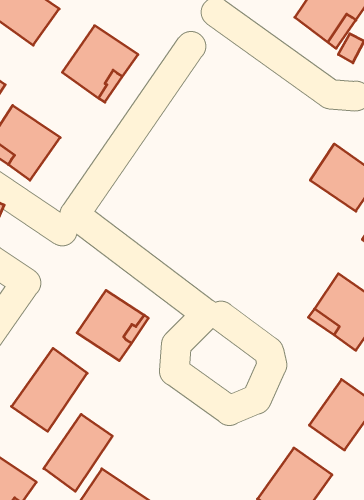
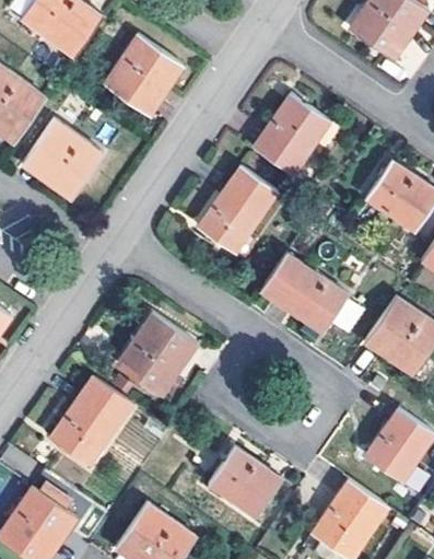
building: none -> [254,94,330,175]
building: none -> [198,165,279,254]
building: none -> [261,253,348,333]
building: [44,414,112,491] -> none
building: none -> [207,447,281,519]

